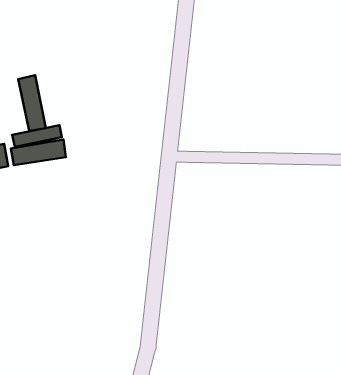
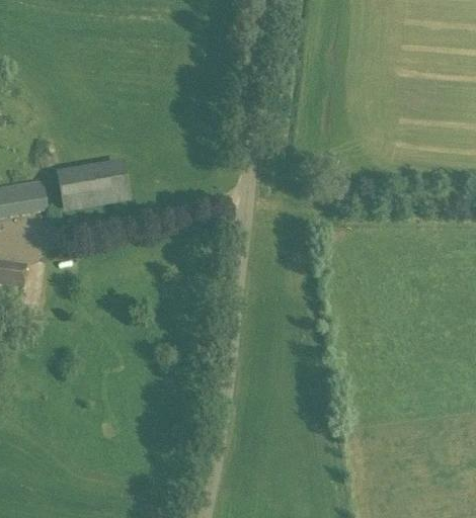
building: [18,75,46,131] -> none

